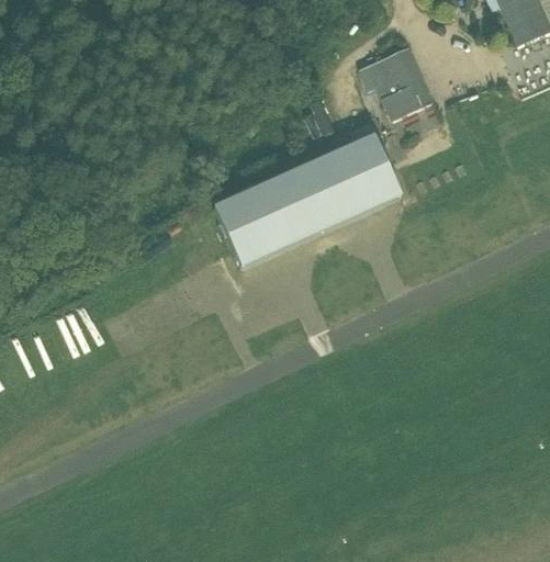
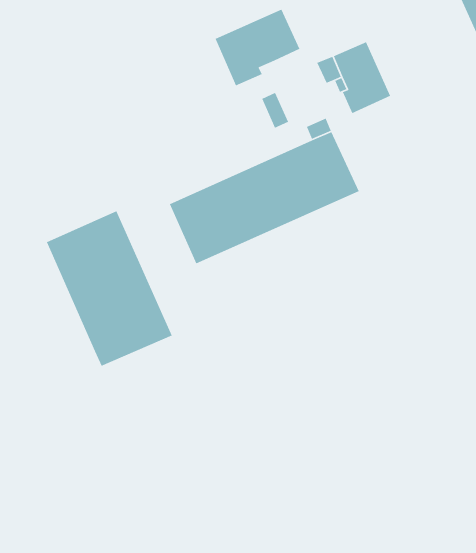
building: none -> [214,8,300,87]
building: none -> [46,210,173,367]

